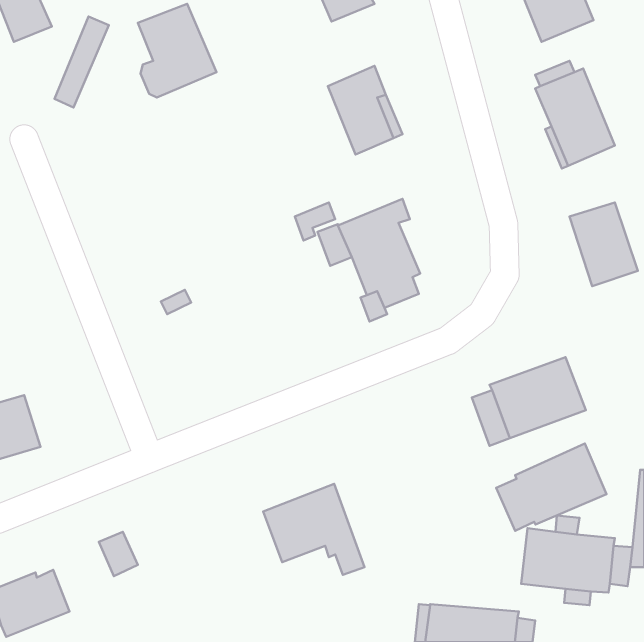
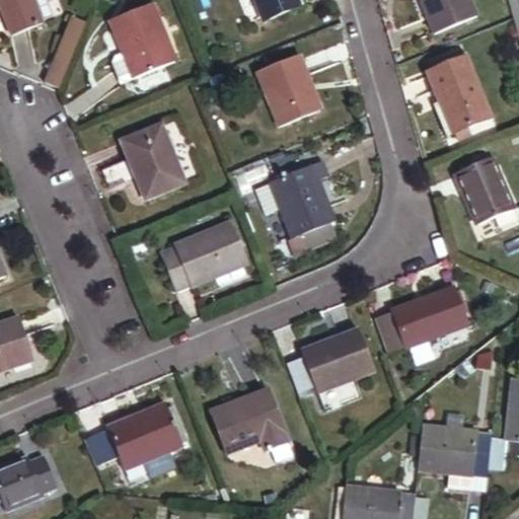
building: none -> [121,125,182,199]
building: none -> [160,222,246,289]
building: [496,443,606,531] -> [287,325,375,395]
building: none -> [106,401,183,467]

